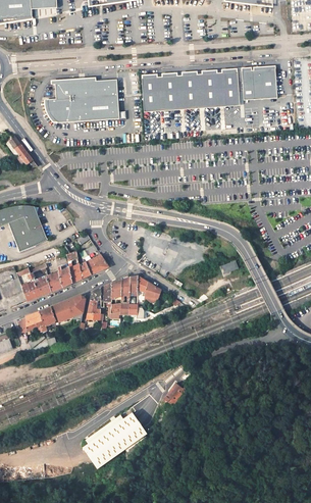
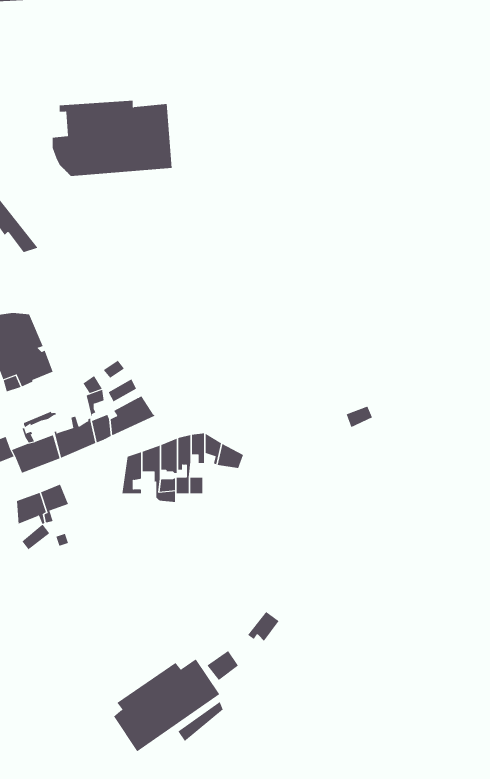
building: [242,68,277,99] -> none
building: [142,70,240,111] -> none
building: [52,295,85,321] -> none

